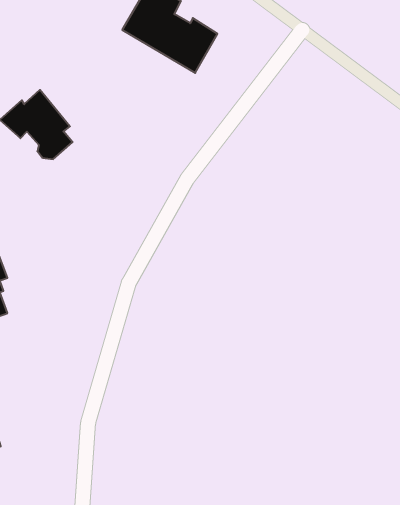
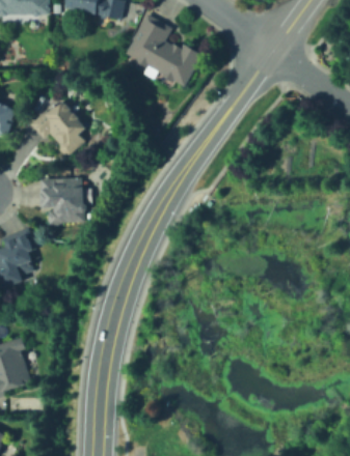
building: none -> [42,176,83,222]

